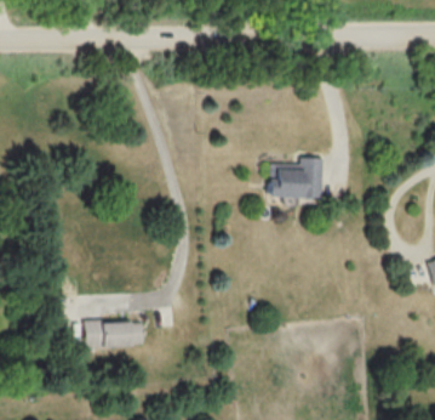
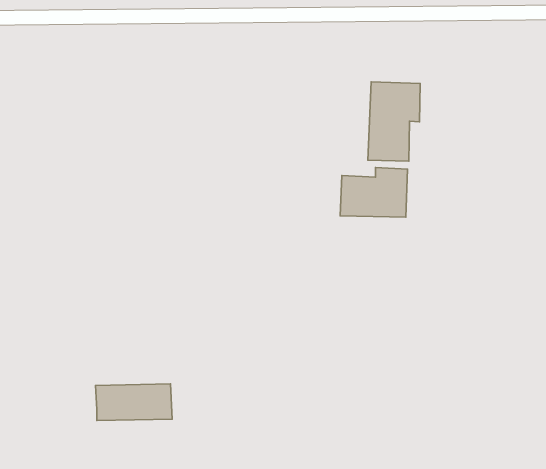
building: none -> [368,82,420,161]

